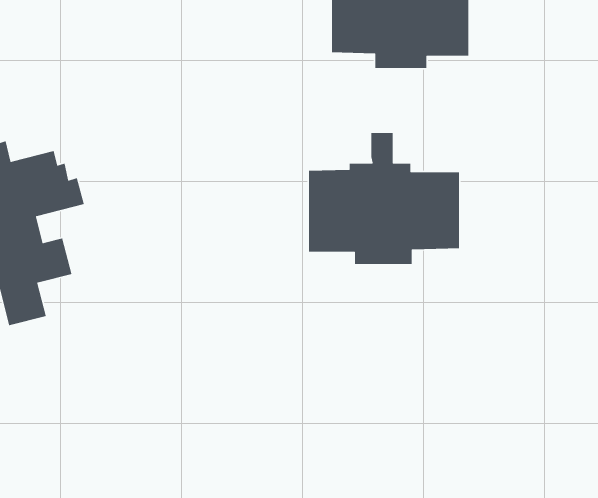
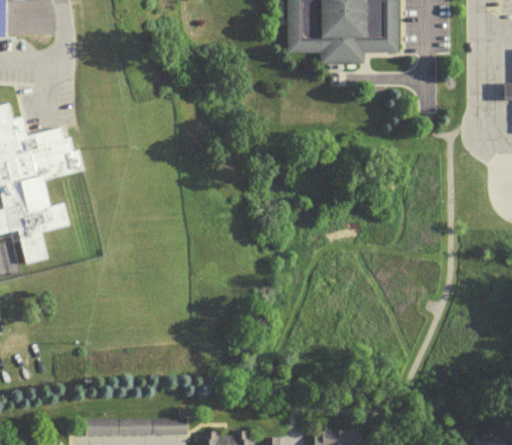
building: [308,132,460,265] -> none

